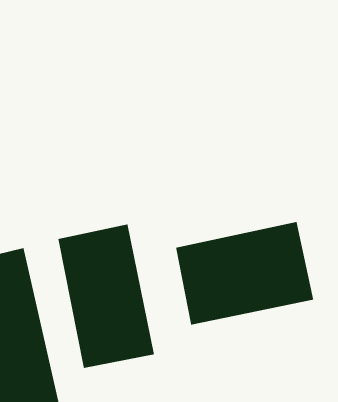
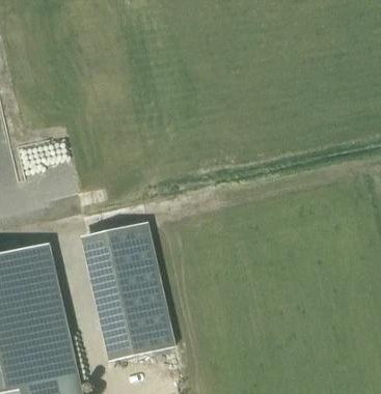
building: [175,221,314,326] -> none

